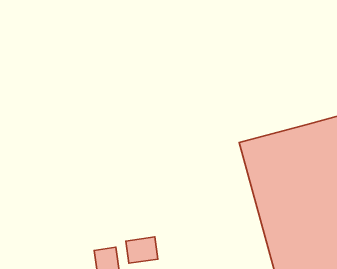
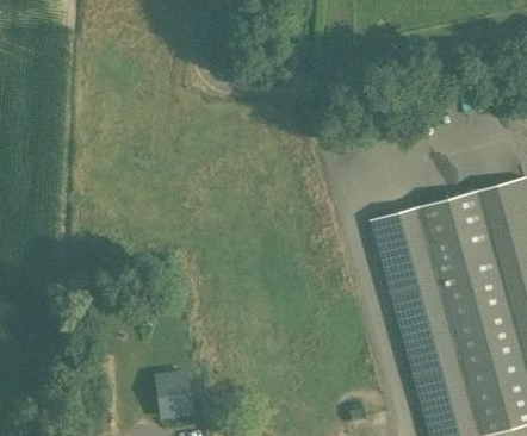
building: [126,237,158,263] -> none

